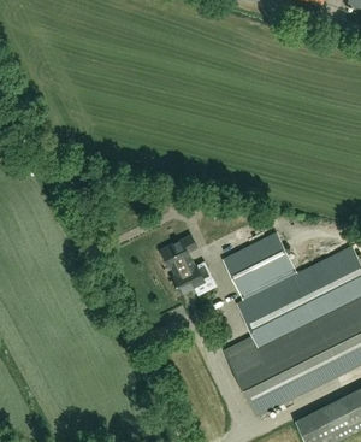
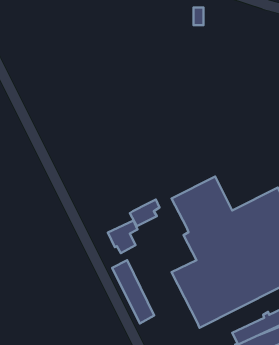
building: [160,235,196,275] -> [108,220,138,253]
building: none -> [112,260,154,323]

